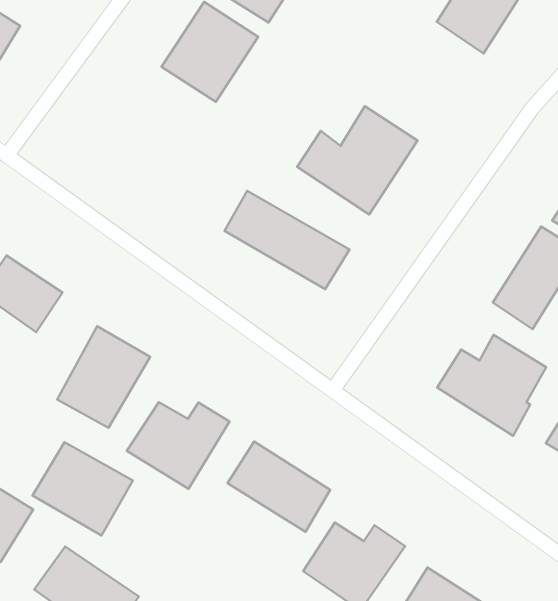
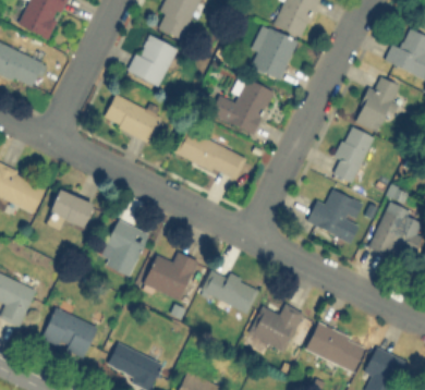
building: none -> [246,26,298,81]
building: none -> [102,94,166,144]
building: [33,442,133,535] -> none

